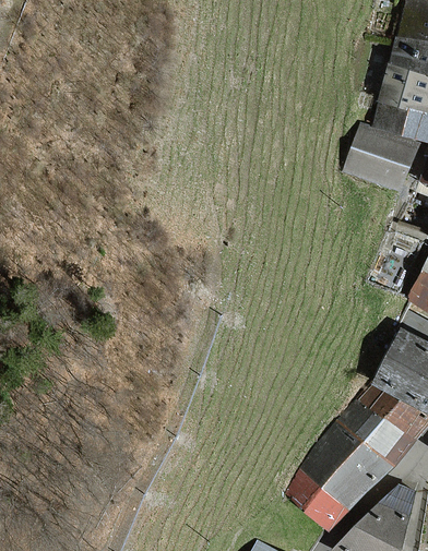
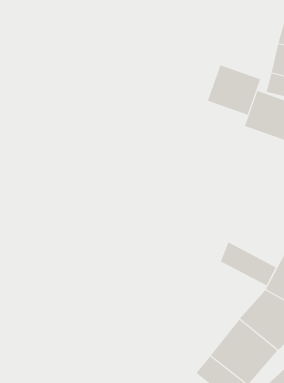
building: none -> [207,65,261,115]
building: none -> [220,241,276,286]

